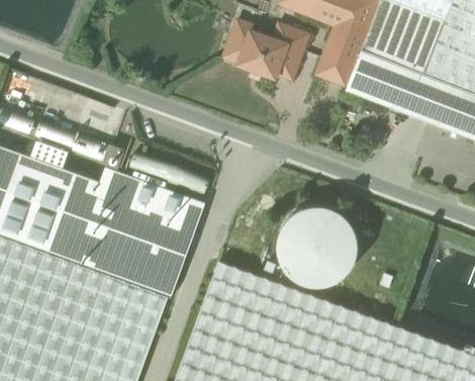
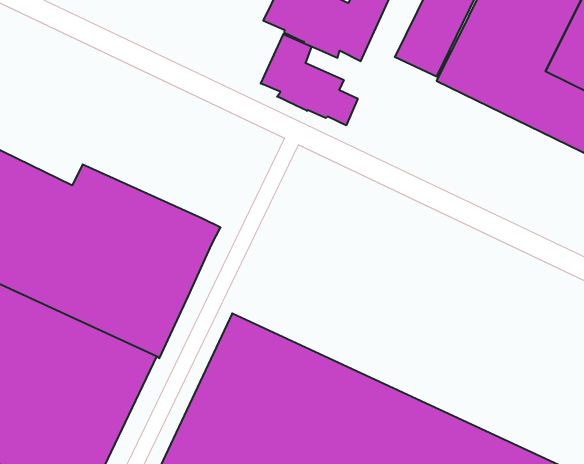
building: none -> [261,34,358,125]
building: [261,195,353,290] -> none

